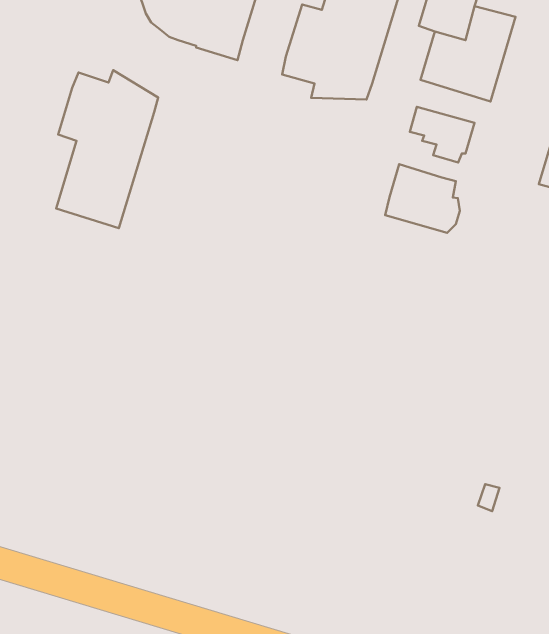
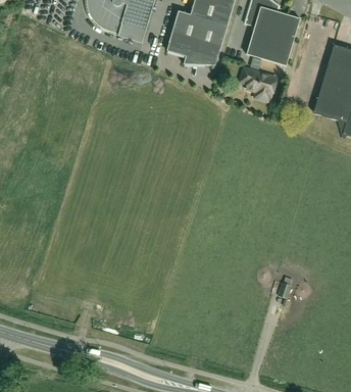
building: [56,70,158,228] -> none
building: [385,164,460,233] -> none

